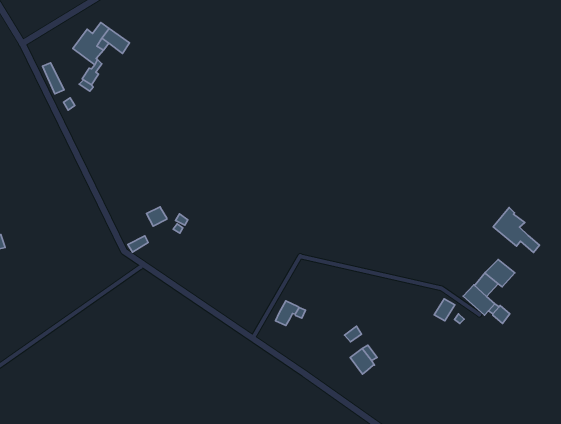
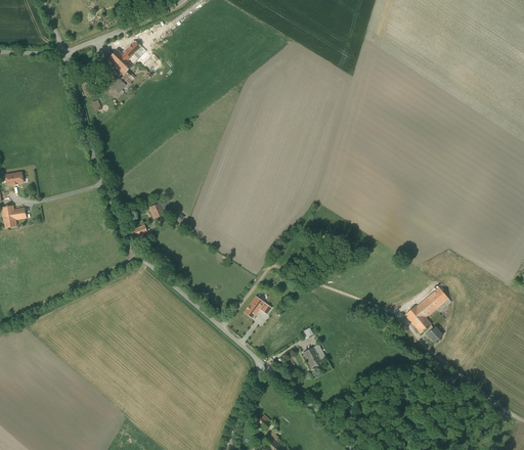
building: [493,208,540,252] -> none

